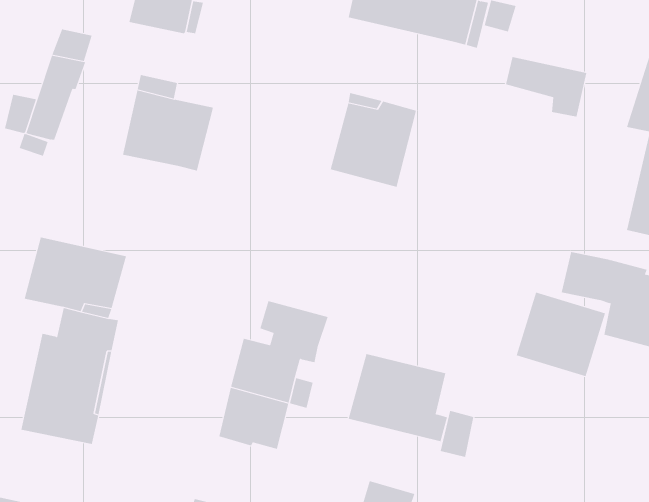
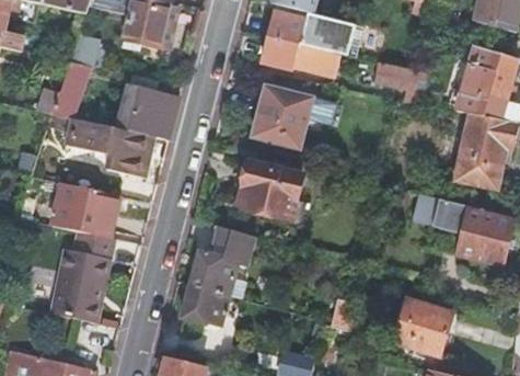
building: none -> [262,36,338,76]
building: none -> [63,118,154,178]
building: [516,292,606,377] -> [393,298,453,355]
building: [348,353,448,442] -> [238,162,304,221]

